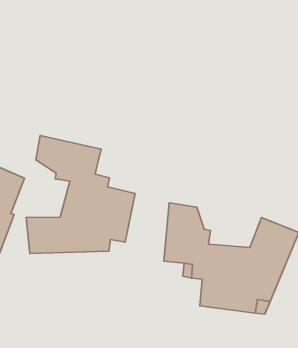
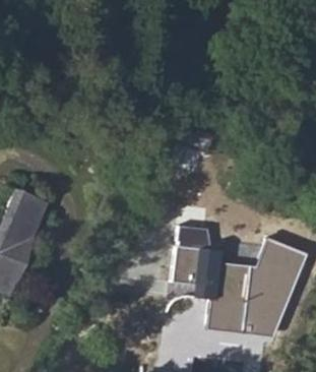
building: [26,135,135,254] -> none

